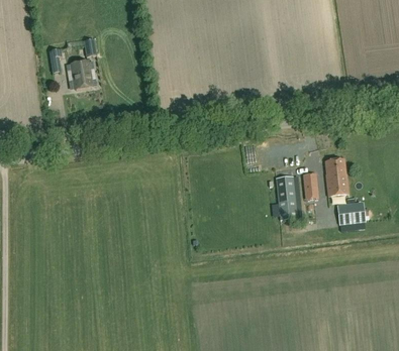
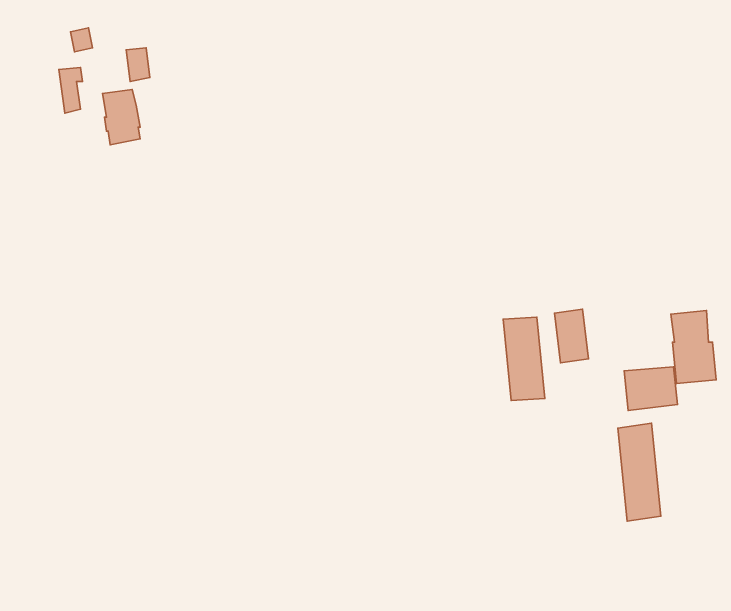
building: [325,158,348,196] -> [671,310,716,384]
building: none -> [618,423,661,521]

